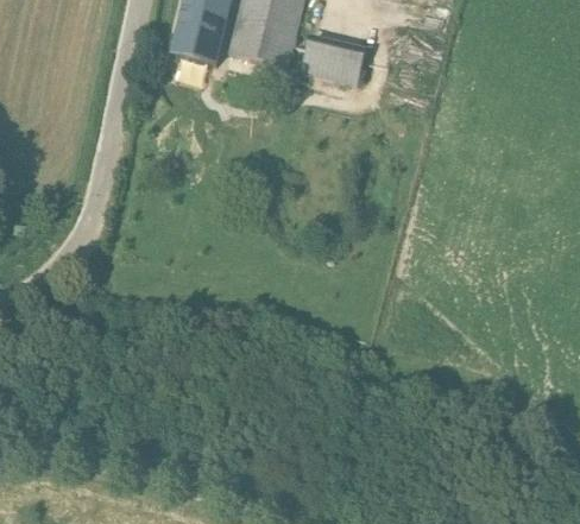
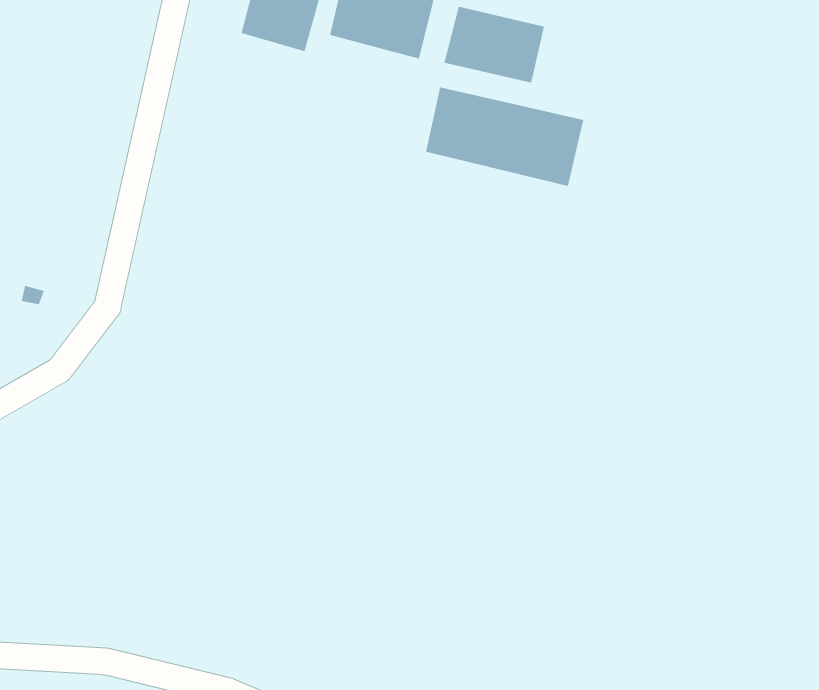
building: none -> [425,87,584,187]

